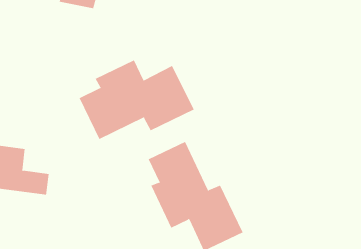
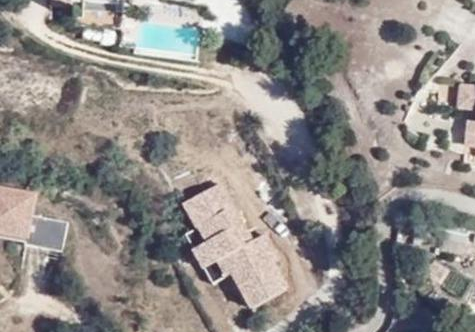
building: [79,60,194,140] -> none

